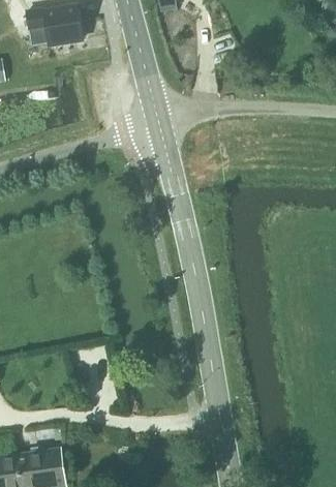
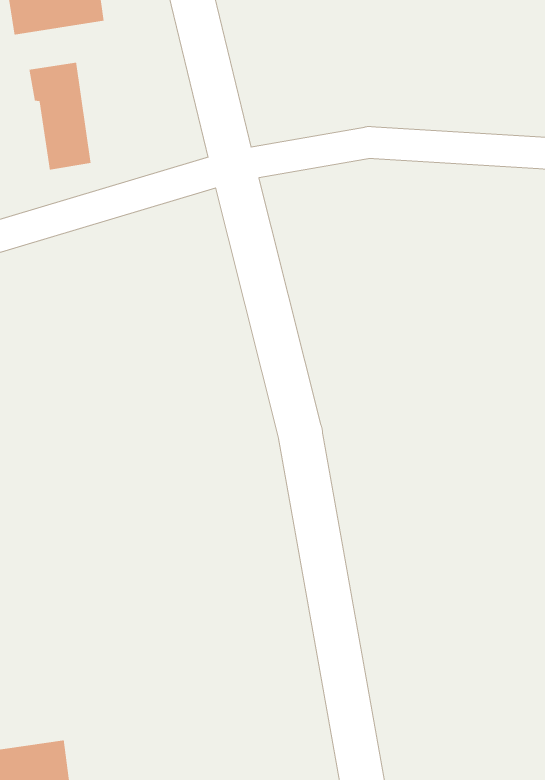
building: none -> [29,62,91,170]

